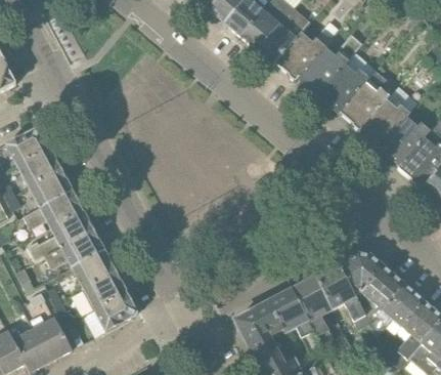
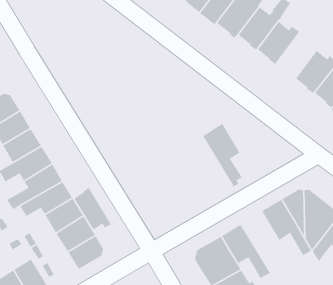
building: [340,69,389,129] -> none
building: none -> [73,187,112,231]
building: [291,275,334,348] -> [202,123,243,188]

